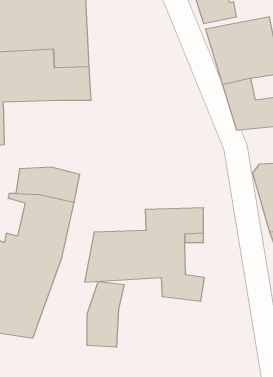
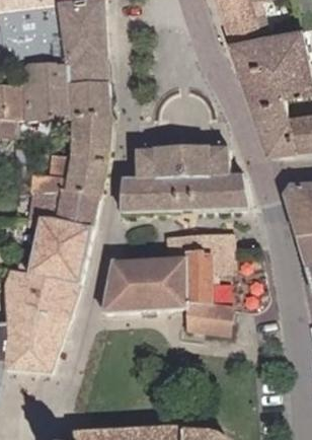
building: none -> [31,116,108,196]
building: none -> [118,146,247,211]
building: [87,281,124,347] -> none

